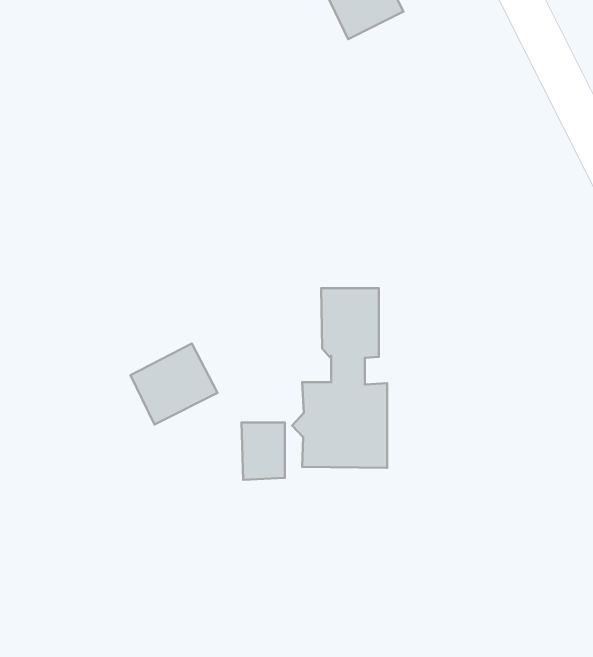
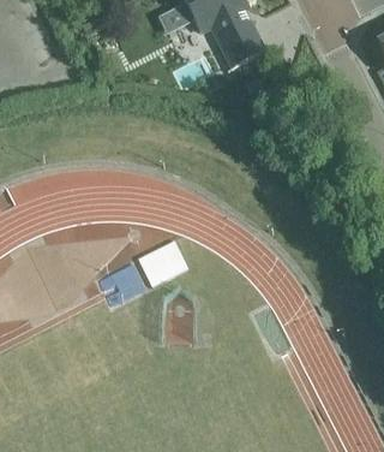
building: [292,288,387,468] -> none

